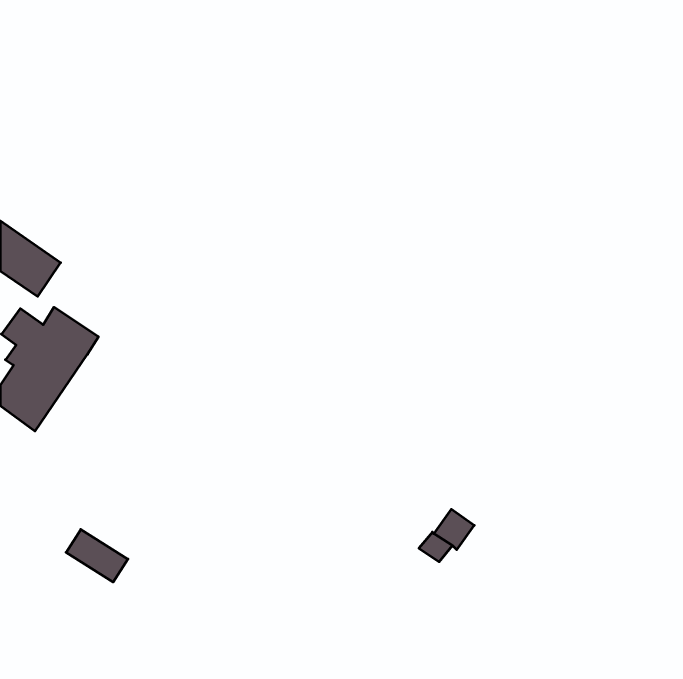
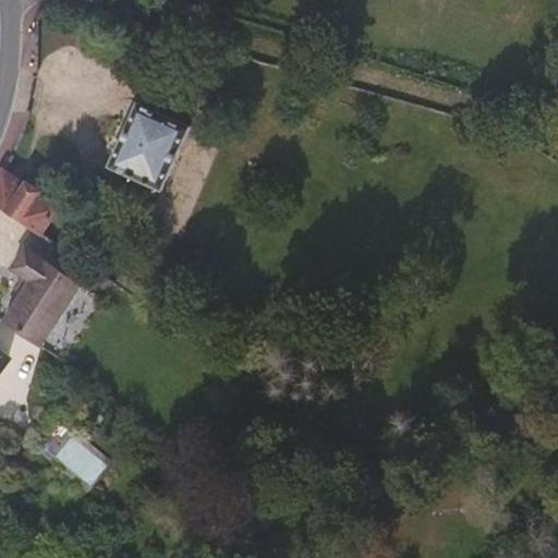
building: none -> [105,109,186,196]

